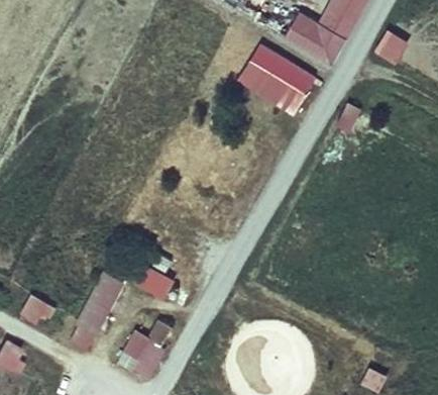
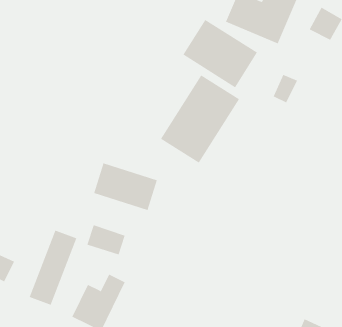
building: none -> [160,74,240,164]
building: none -> [93,163,158,211]

